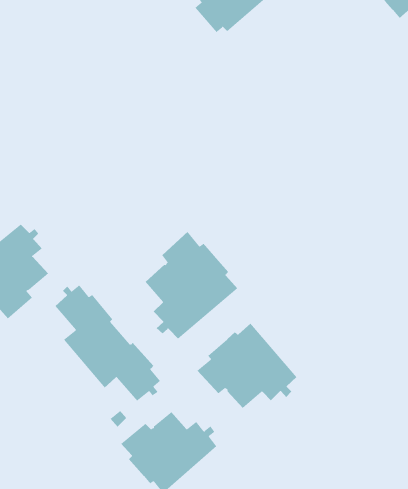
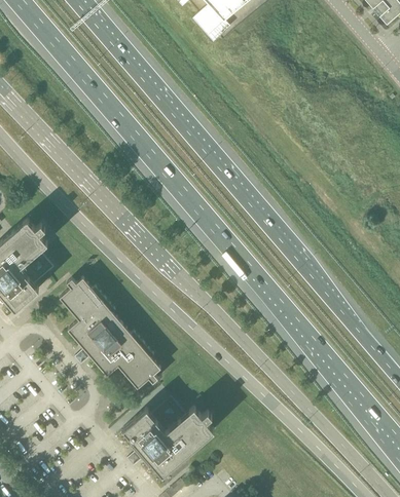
building: [145,231,238,339] -> none
building: [197,323,297,409] -> none

